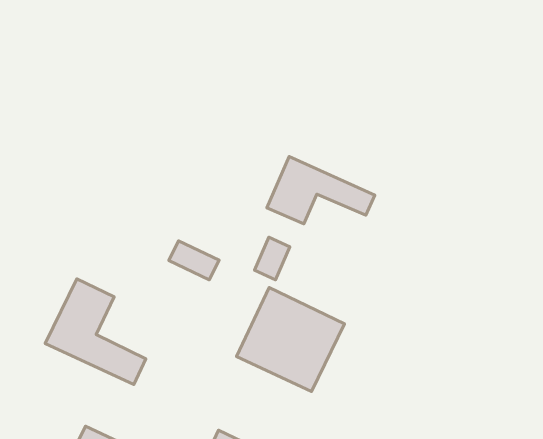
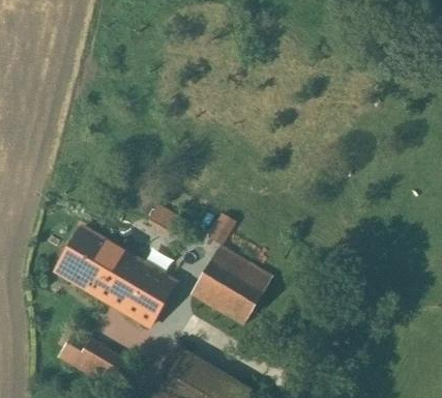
building: [267,156,375,224] -> none
building: none -> [92,241,175,325]

